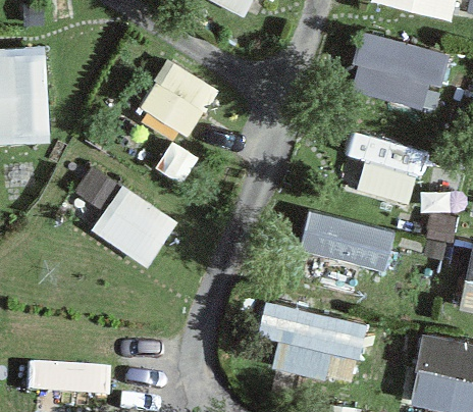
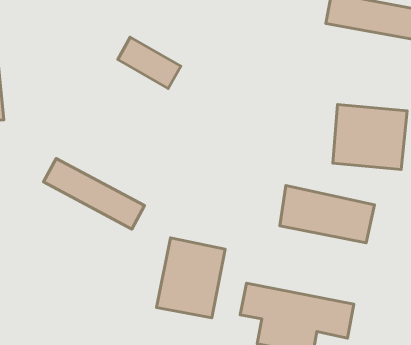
building: none -> [157,238,225,318]

